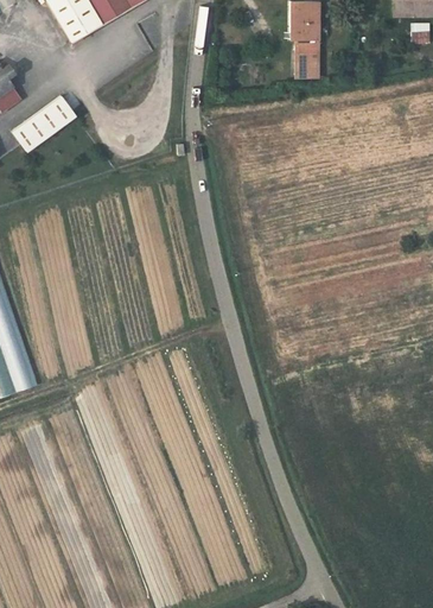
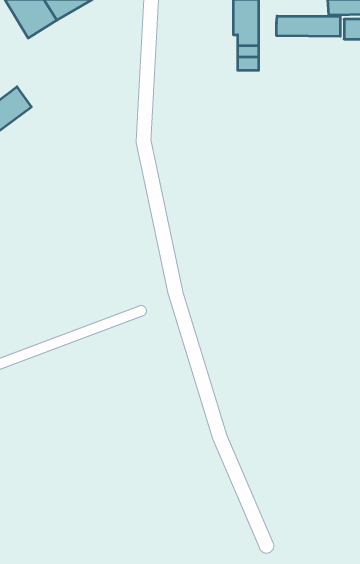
building: none -> [277,16,340,36]

